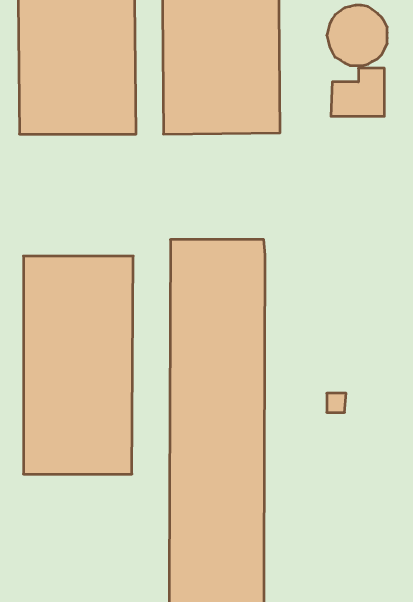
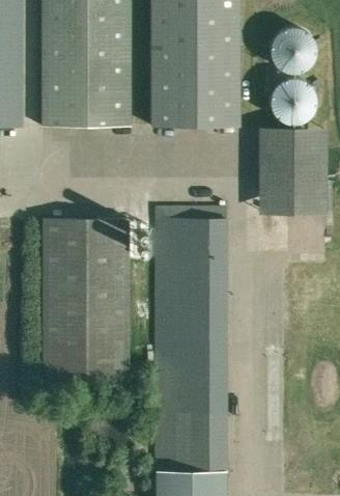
building: none -> [263,121,333,208]

